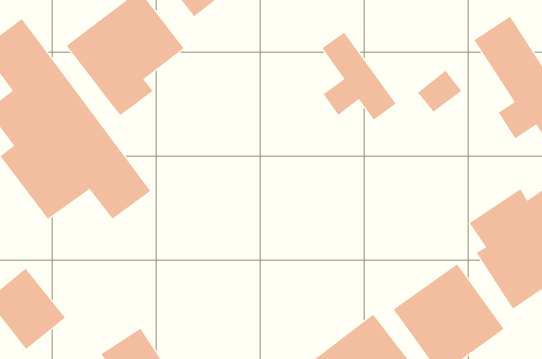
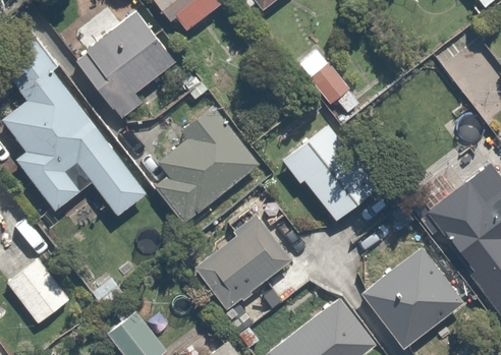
building: none -> [149,103,263,227]
building: none -> [279,118,382,222]
building: none -> [191,216,294,311]

